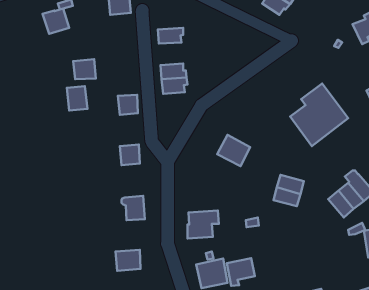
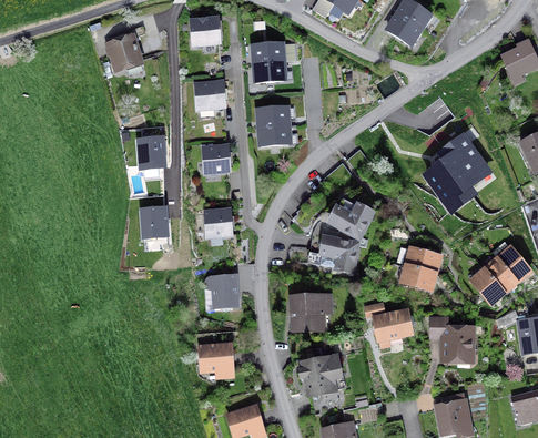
building: none -> [253,43,286,63]
building: [73,59,96,79] -> [195,82,224,108]
building: none -> [142,206,166,236]
building: none -> [319,236,357,269]
building: none -> [430,317,471,358]
building: [227,258,255,286] -> [375,310,410,346]

